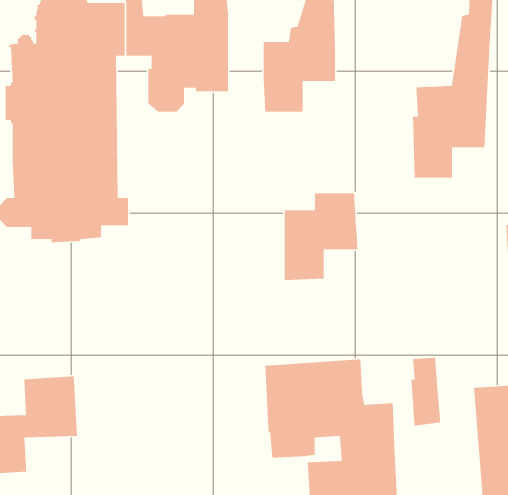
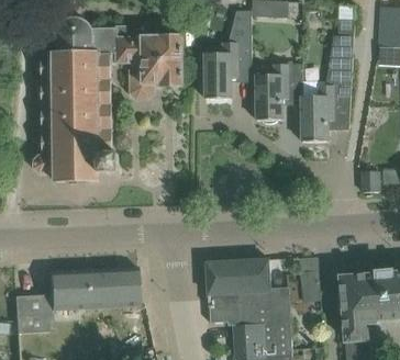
building: [284,193,358,281] -> [256,64,304,121]
building: none -> [82,267,138,308]

